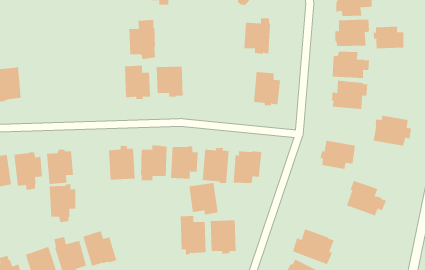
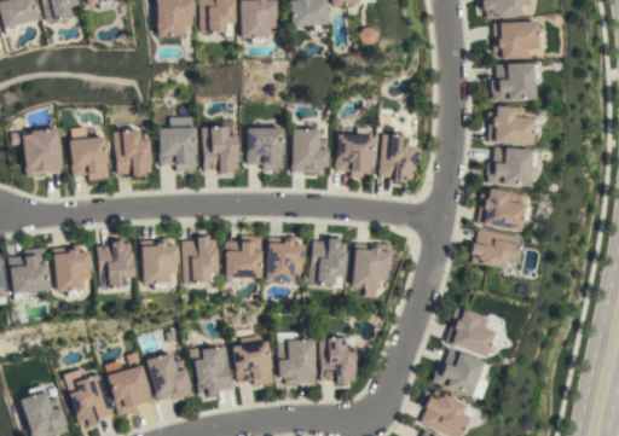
building: [243,18,271,54] -> [336,128,374,178]
building: [129,20,156,59] -> [160,116,197,170]
building: [373,26,404,49] -> none
building: none -> [291,128,329,174]
building: none -> [115,129,154,176]
building: none -> [70,136,110,180]
building: [373,115,412,146] -> [478,188,531,231]
building: [346,180,387,216] -> [446,307,502,356]
building: [189,183,219,215] -> [233,341,274,385]
building: [49,184,76,223] -> [140,237,178,290]
building: none -> [195,345,233,396]

